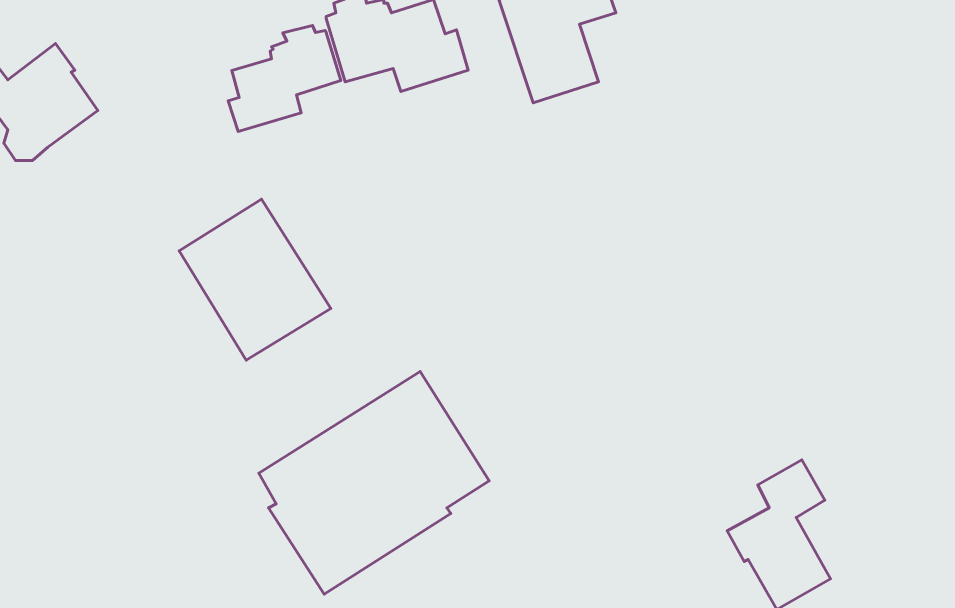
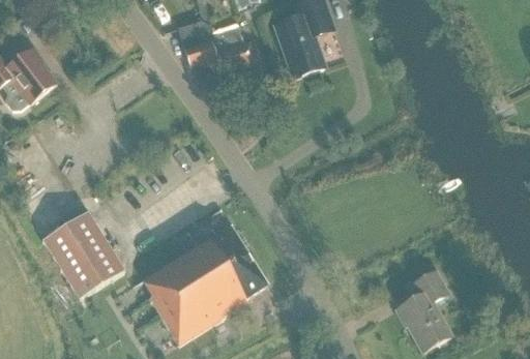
building: [228,26,341,131] -> none
building: [179,199,331,360] -> [42,211,124,298]

